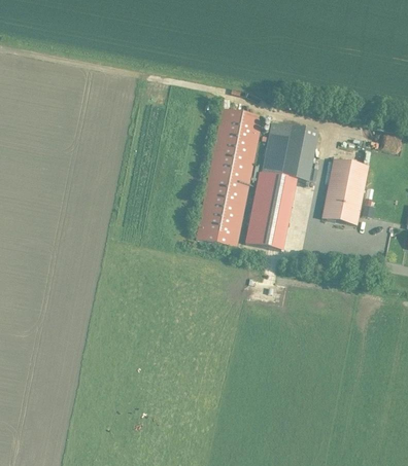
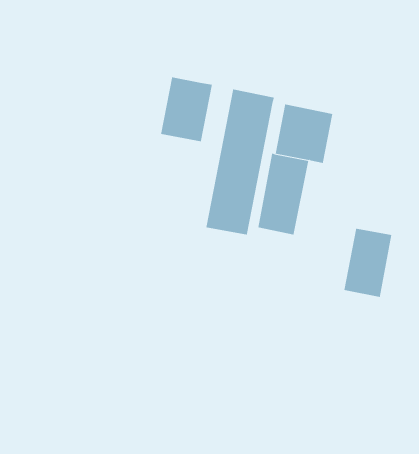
building: none -> [161,76,212,142]
building: [322,156,369,222] -> [344,228,392,298]

